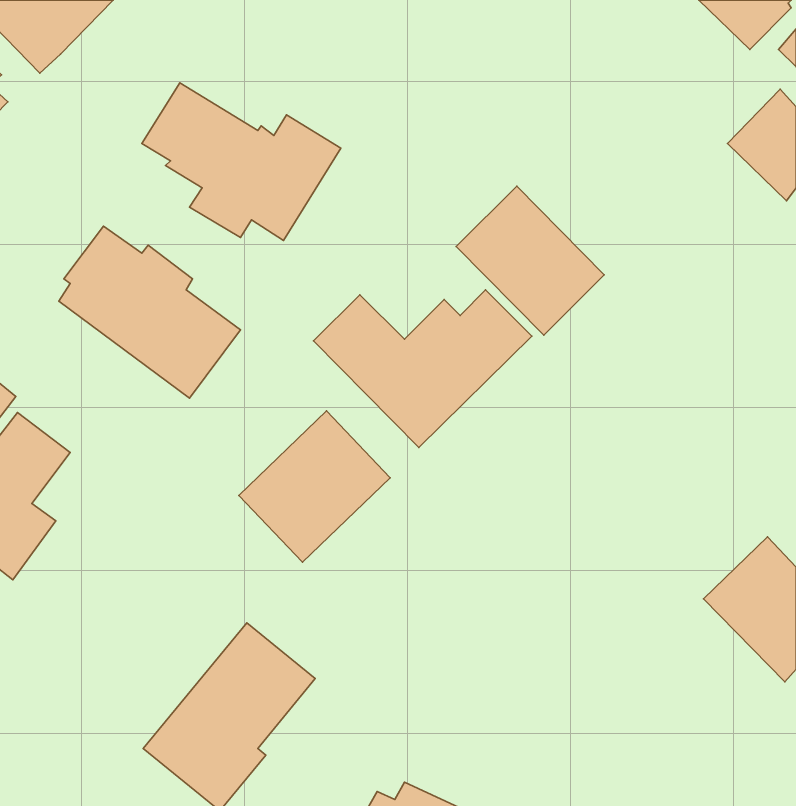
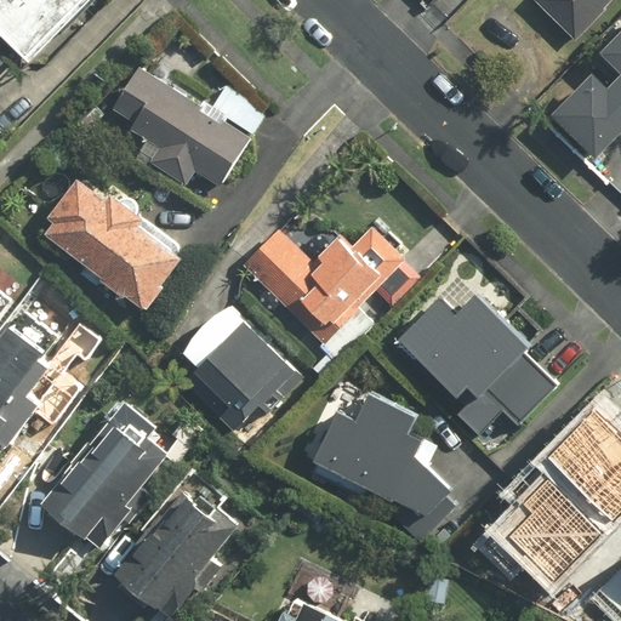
building: [456,186,604,335] -> none
building: none -> [398,292,554,437]
building: none -> [309,391,455,513]
building: none -> [38,401,171,553]
building: none -> [500,485,585,581]

